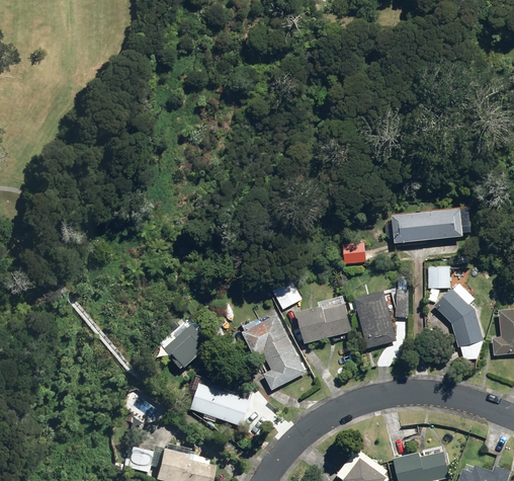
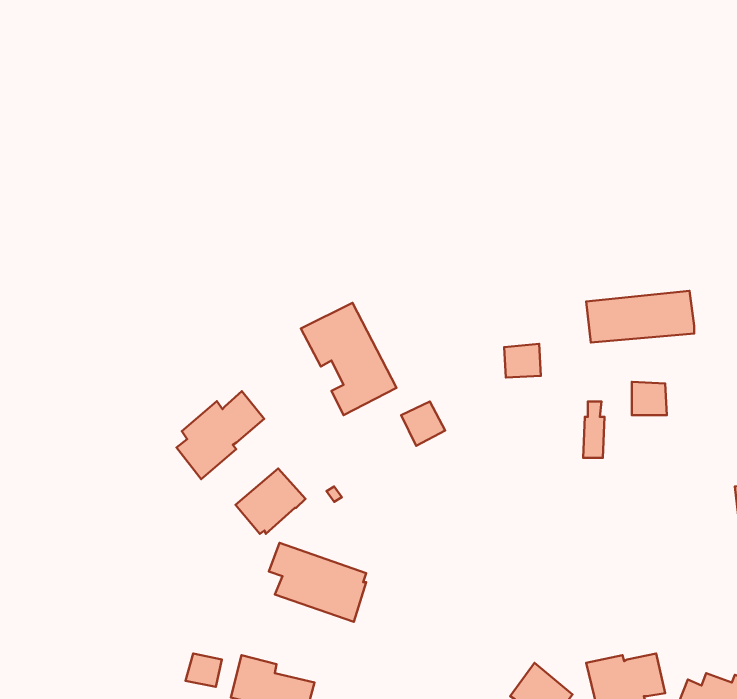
building: none -> [176,391,264,479]
building: [437,290,485,347] -> none
building: [351,293,395,350] -> none
building: [297,303,354,343] -> none
building: [240,317,304,392] -> [301,303,397,415]

